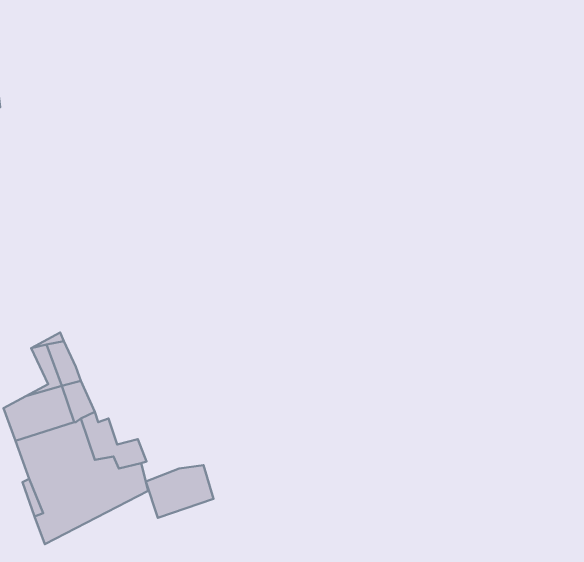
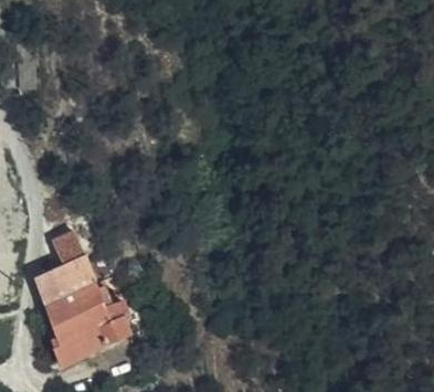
building: [146,465,213,518] -> none

